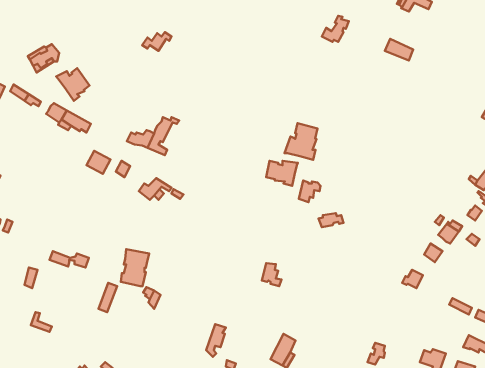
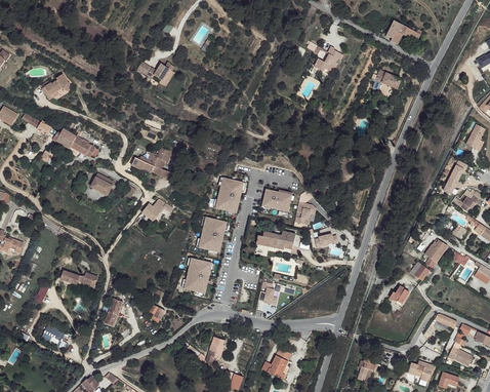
building: [56,68,89,101] -> none
building: [285,123,318,160] -> none
building: none -> [215,174,242,209]
building: none -> [200,215,227,249]
building: none -> [254,229,293,247]
building: [121,249,149,286] -> [188,257,214,291]

